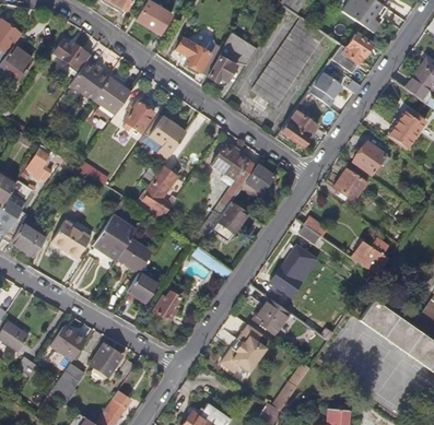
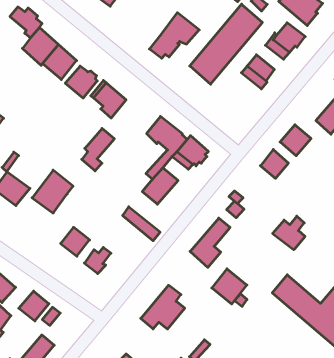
building: [171,33,215,75] -> none
building: [288,116,316,145] -> none
building: [118,236,154,271] -> none
building: [253,297,290,334] -> [212,269,247,304]

